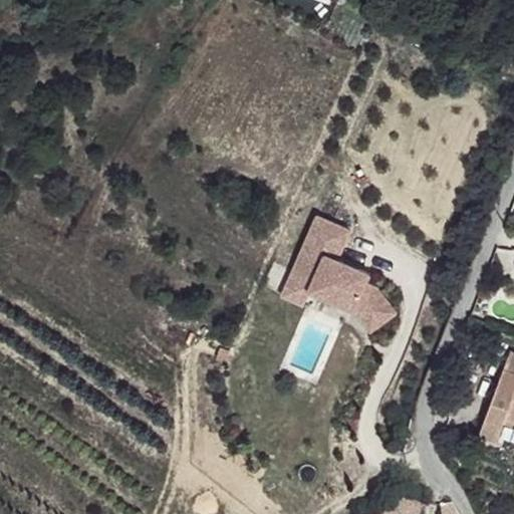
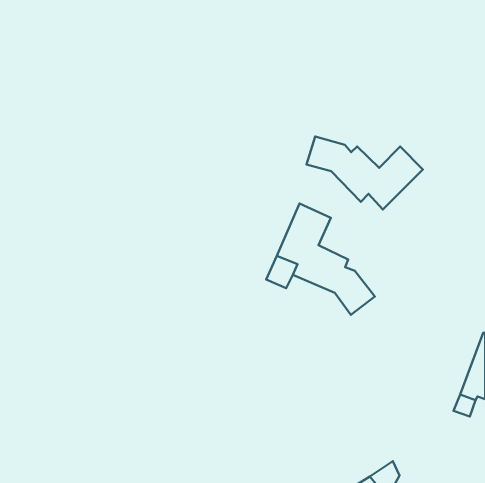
building: none -> [307,137,423,209]

